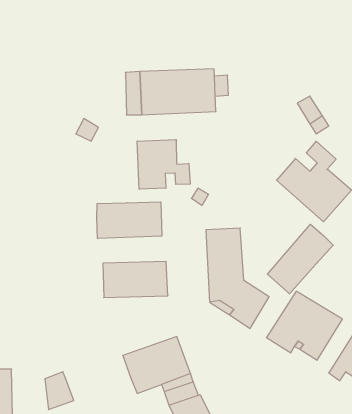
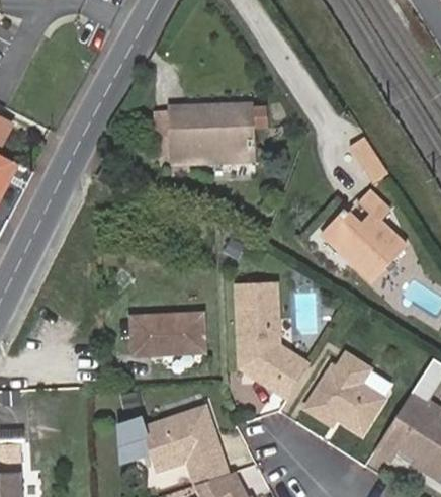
building: [137,139,190,189] -> none
building: [97,202,162,239] -> none
building: [267,224,333,294] -> none
building: [45,372,74,410] -> [124,419,157,462]

